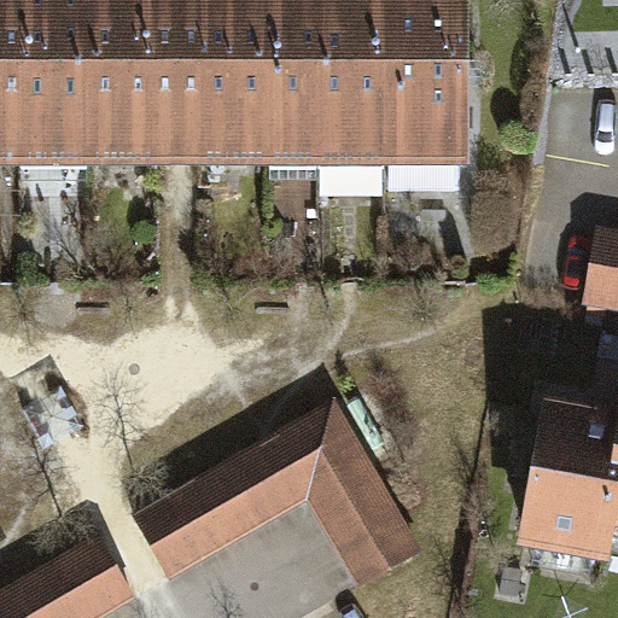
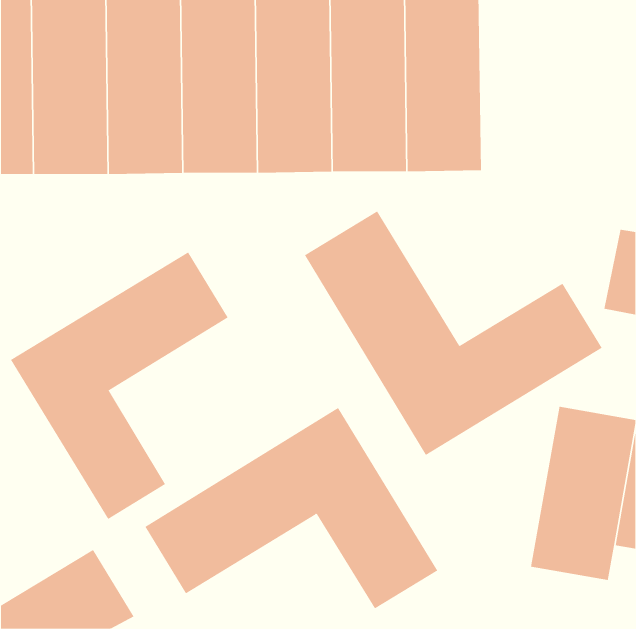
building: none -> [304,210,603,456]
building: none -> [10,252,229,520]

